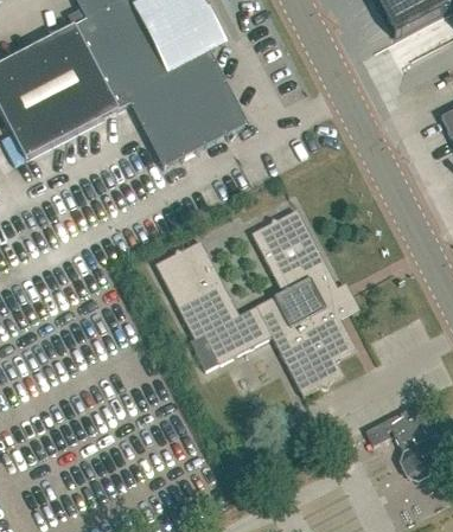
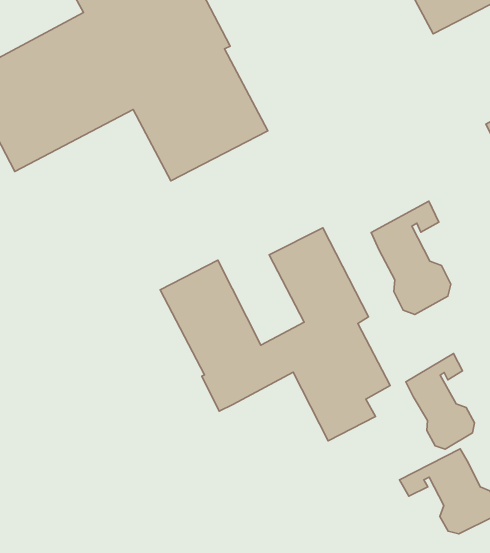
building: none -> [371,201,451,315]
building: none -> [406,354,475,449]

